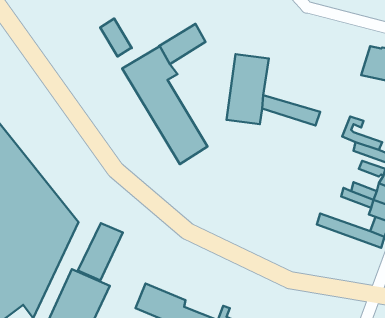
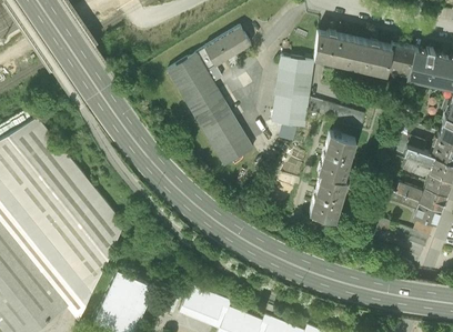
building: [100,19,132,57] -> none
building: none -> [314,31,415,74]
building: none -> [310,132,355,221]
building: [78,223,123,281] -> none

